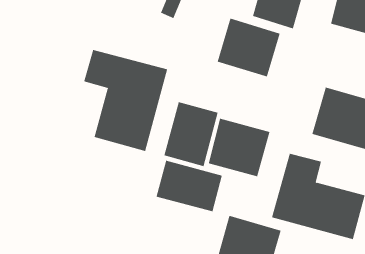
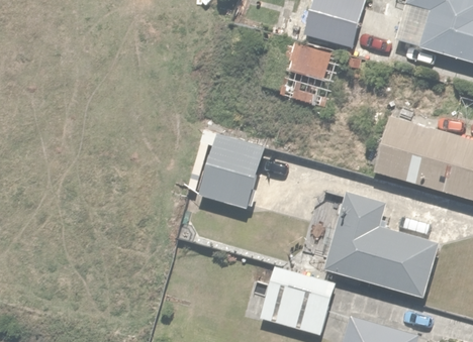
building: [84,49,168,152] -> none
building: [208,118,270,177] -> none
building: [156,160,222,212] -> none

